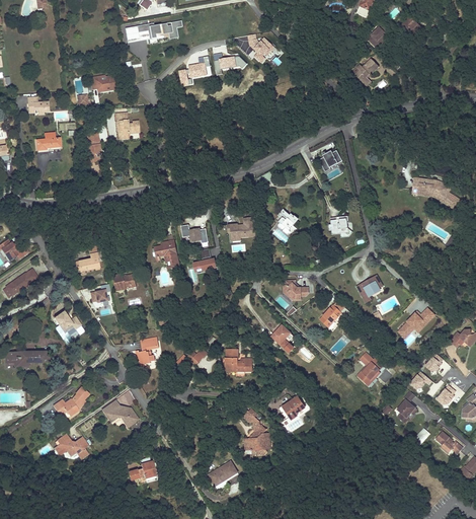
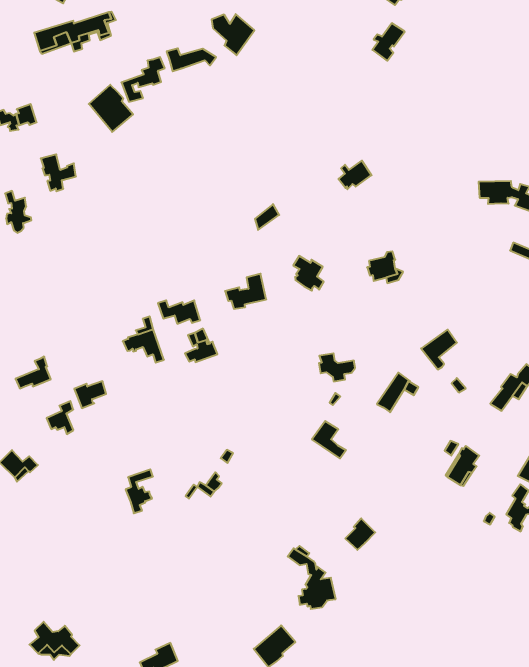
building: none -> [89,85,133,132]
building: [224,349,251,371] -> none
building: [52,386,88,416] -> none
building: [103,398,139,427] -> none

